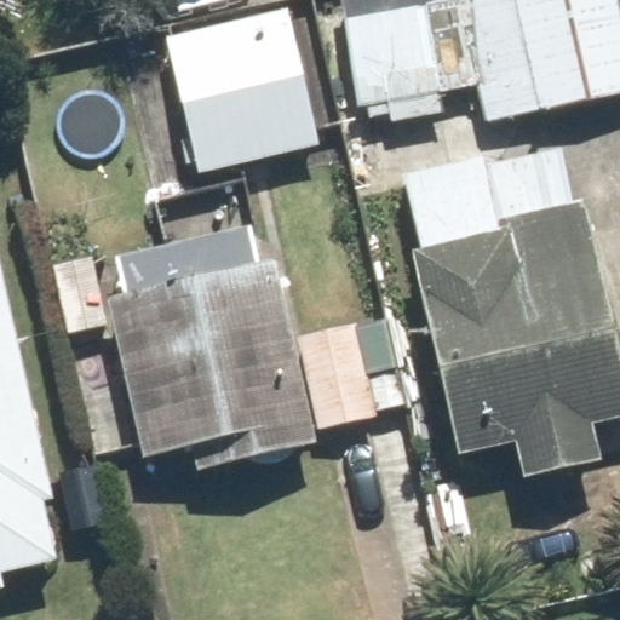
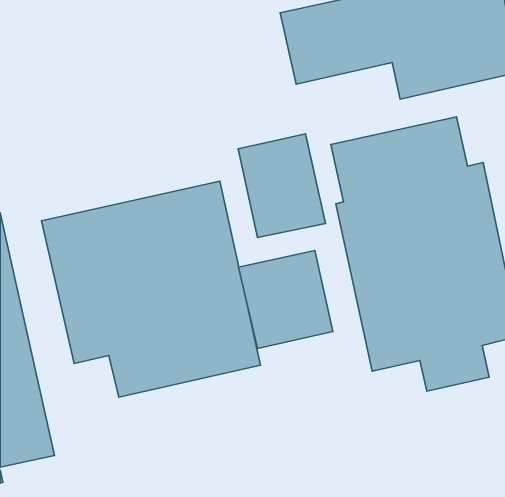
building: [162,6,316,174] -> none
building: none -> [238,134,325,238]

